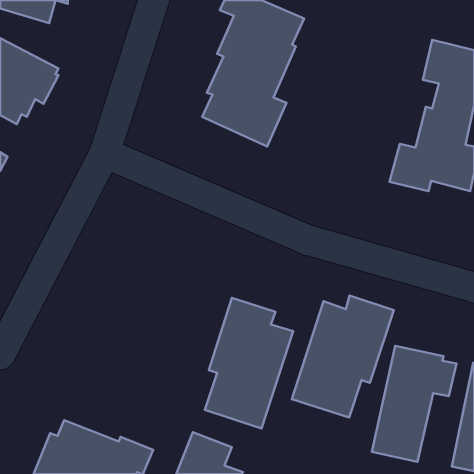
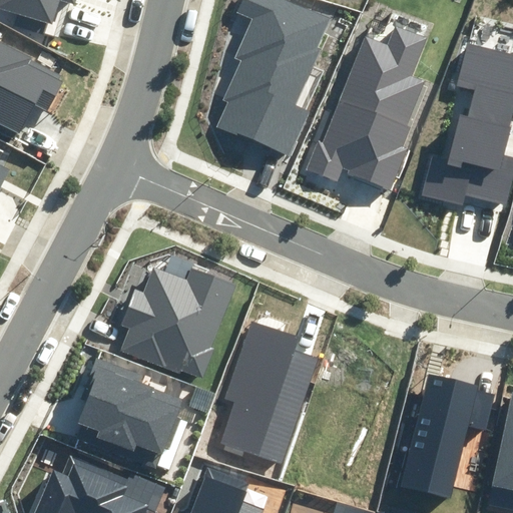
building: none -> [307,26,427,191]
building: none -> [120,268,233,379]
building: [292,296,394,418] -> none
building: none -> [74,357,181,467]

